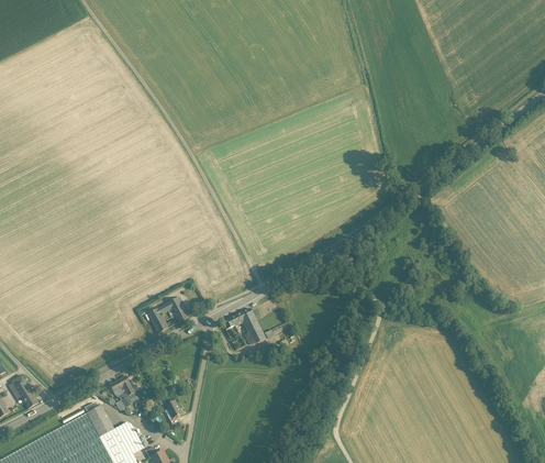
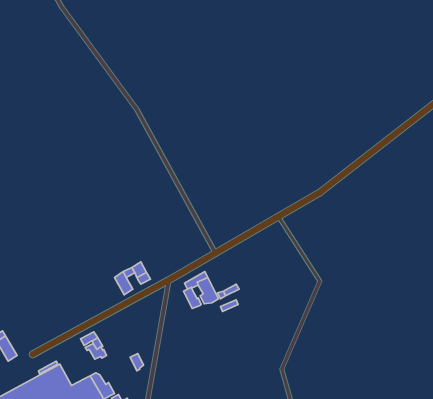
building: [84,407,111,439] -> none

